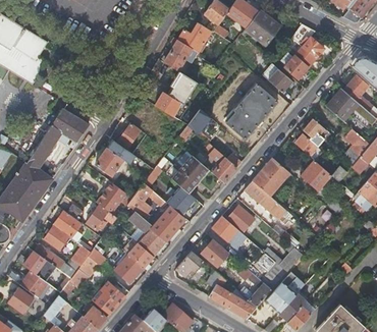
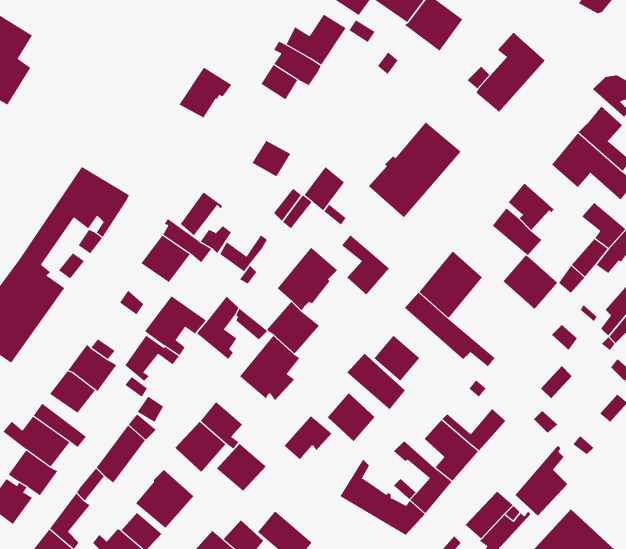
building: [262,63,292,92] -> none
building: [167,73,198,103] -> [178,67,232,119]
building: [138,228,166,256] -> [216,443,266,492]
building: [266,272,297,313] -> [514,445,568,516]

